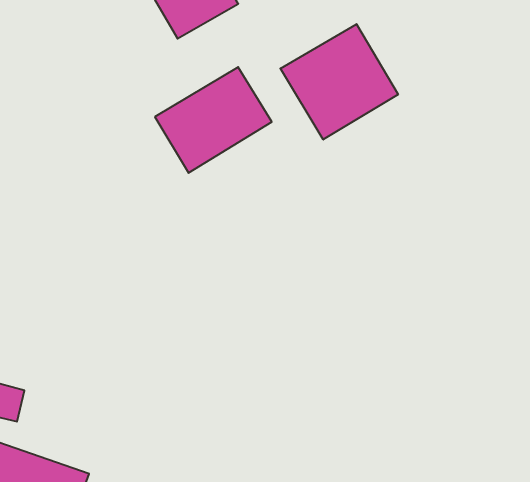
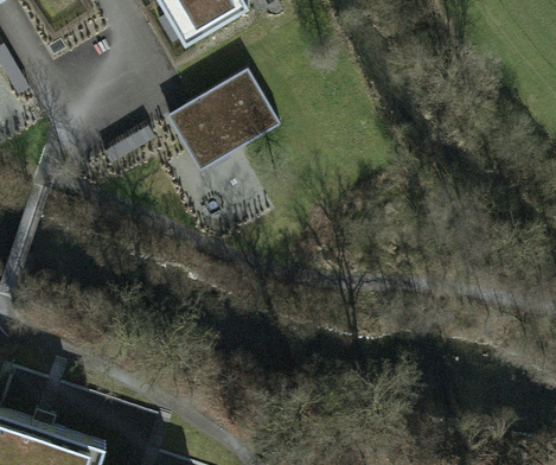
building: [280,24,398,140] -> none

